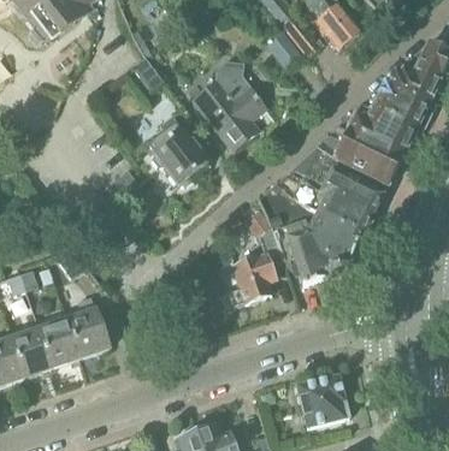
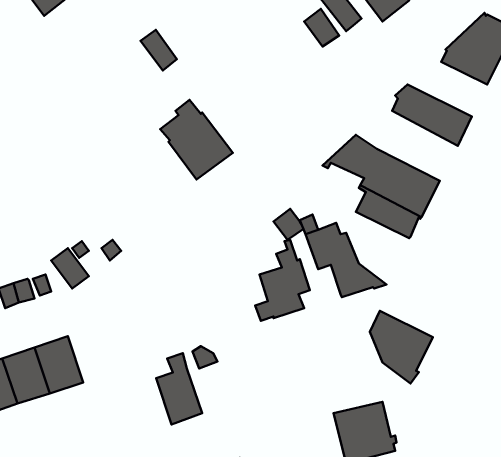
building: [195,63,265,147] -> none
building: [360,81,429,130] -> none
building: [315,125,403,185] -> none
building: [307,212,361,274] -> [370,311,433,383]
building: [67,297,107,358] -> [156,353,202,424]

